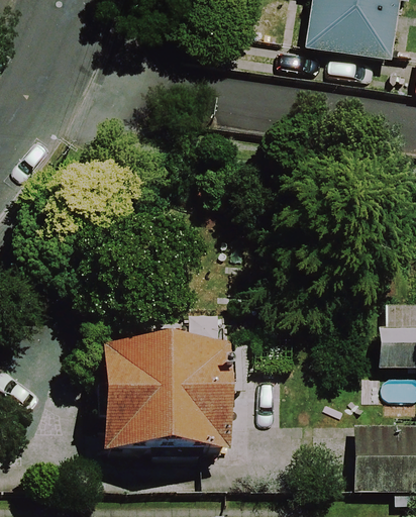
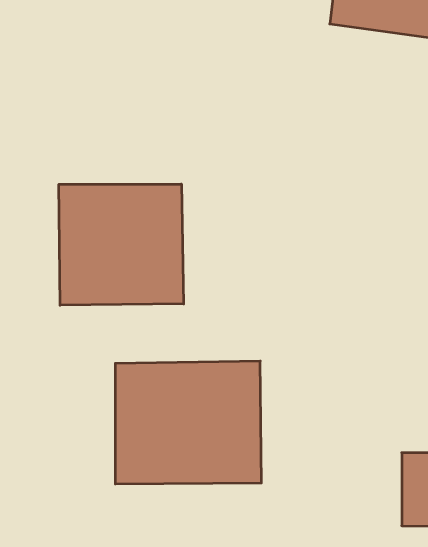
building: none -> [59,184,184,305]

